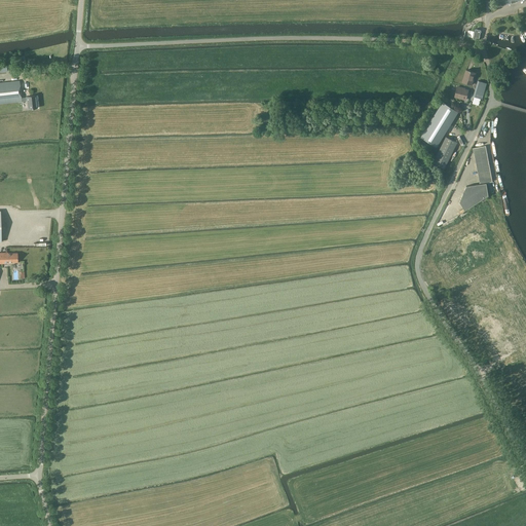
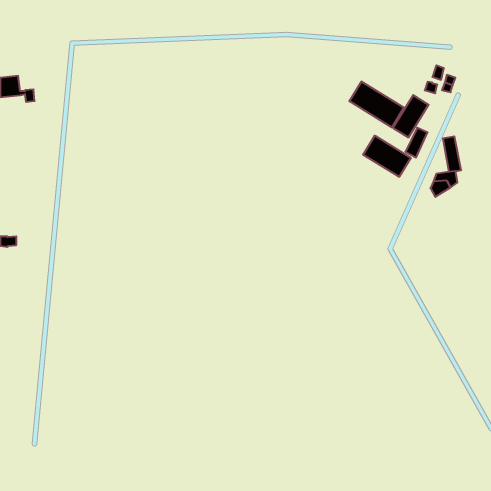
building: none -> [349,81,404,127]
building: none -> [363,136,411,177]

